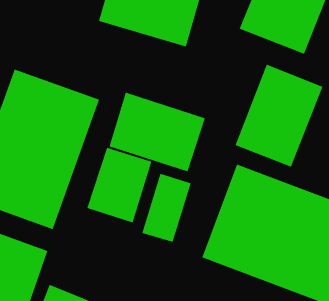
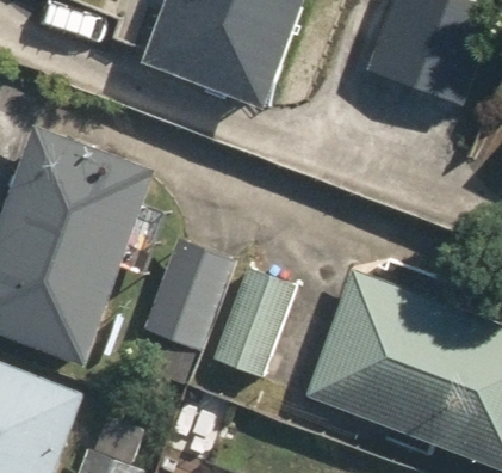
building: [235,64,323,168] -> none
building: [109,92,205,172] -> none

